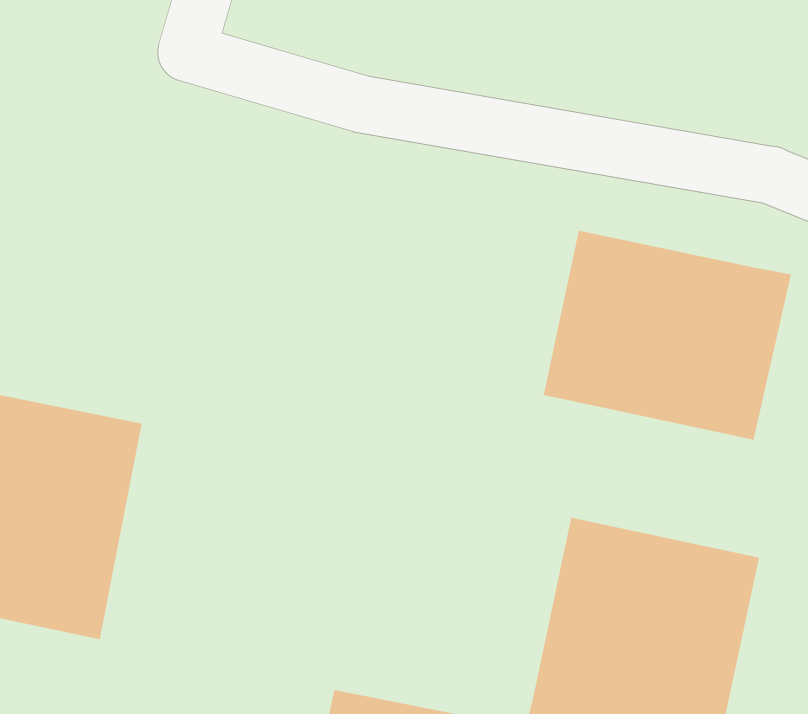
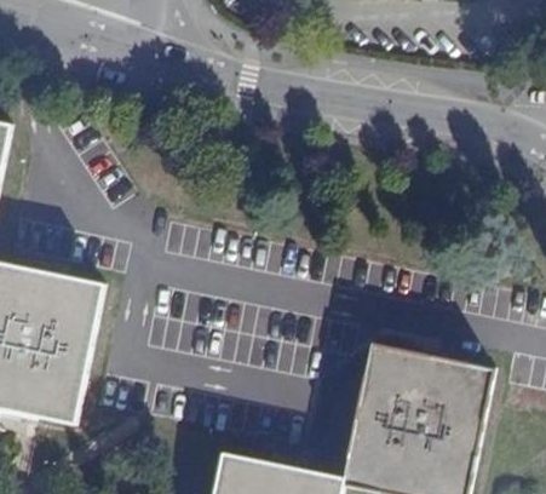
building: [543,230,792,440] -> none

